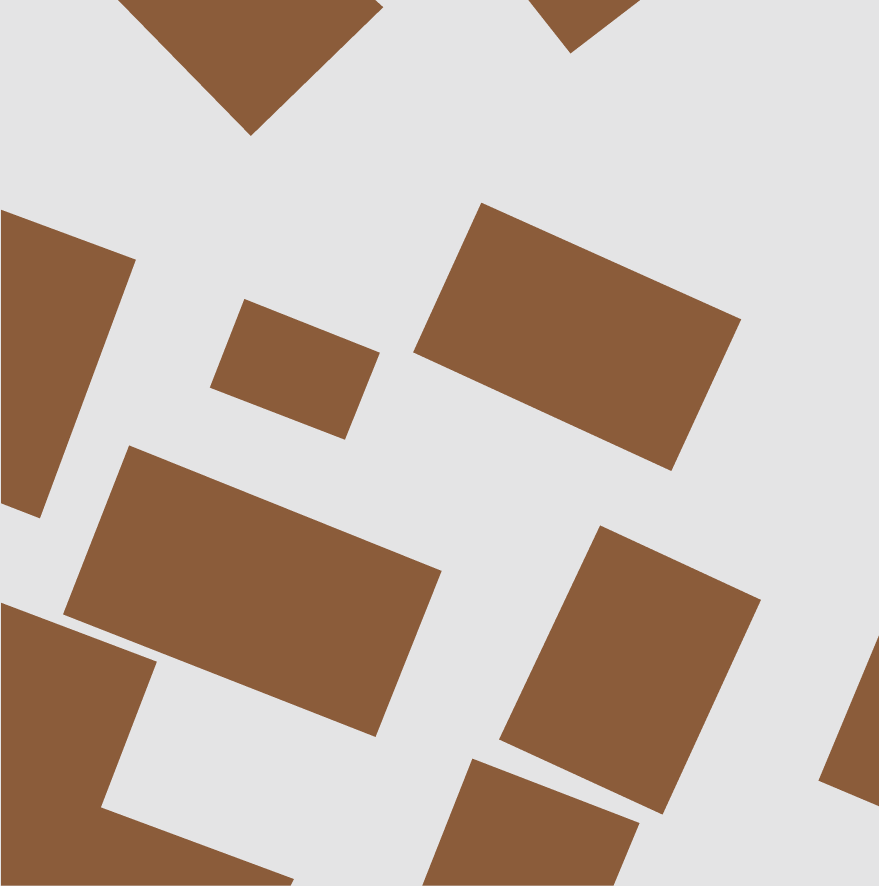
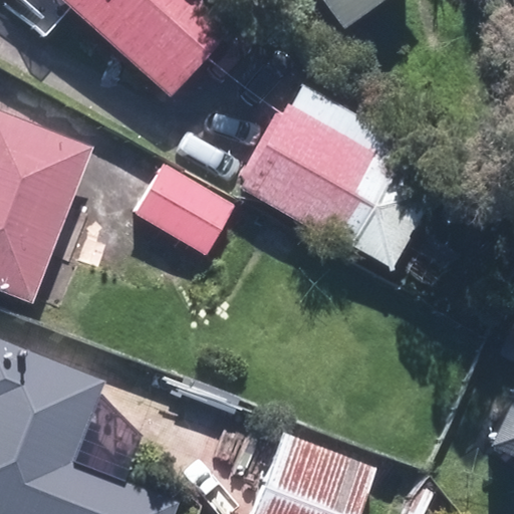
building: [62,445,443,738] -> none
building: [498,524,762,815] -> none

